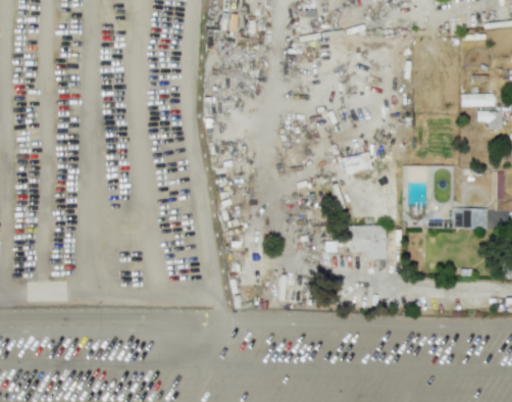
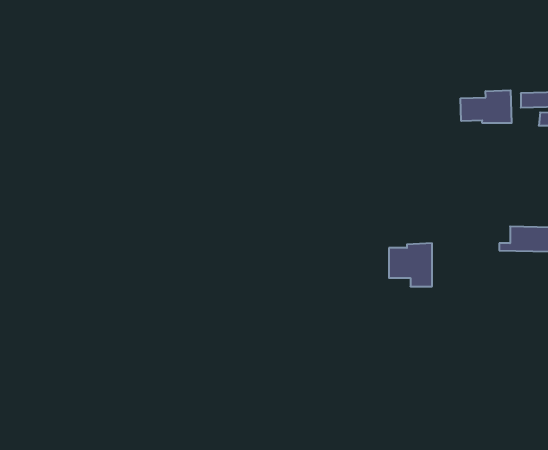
building: none -> [461,90,512,123]

